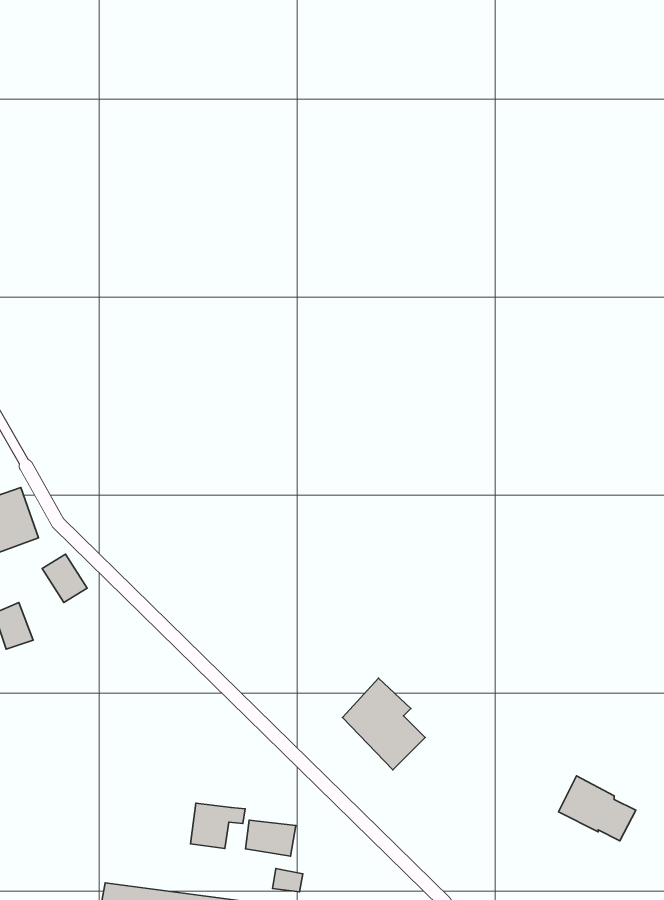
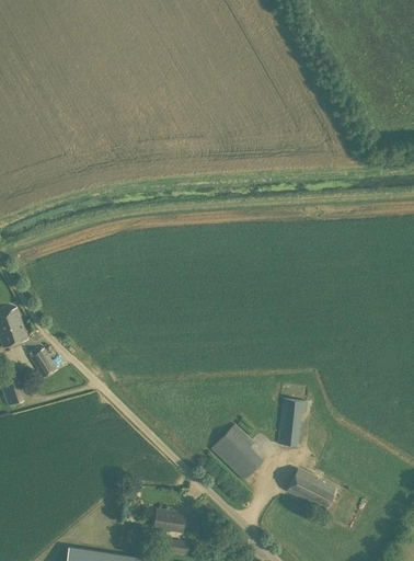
building: none -> [277,400,306,446]
building: [559,776,636,841] -> [287,469,334,508]
building: [191,803,245,848] -> none

